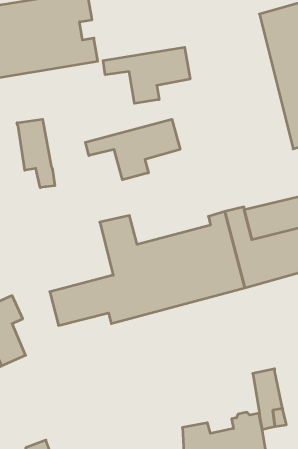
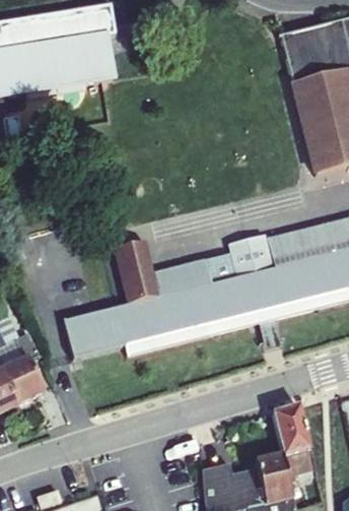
building: [103,47,190,103] -> none
building: [17,119,55,188] -> none
building: [85,119,180,180] -> none

